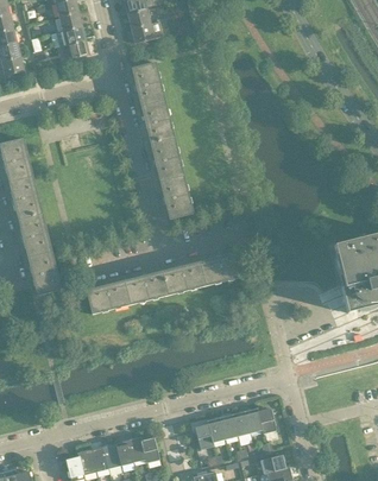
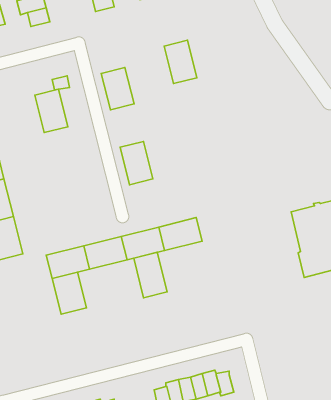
building: [131,62,164,106] -> [164,40,197,84]
building: [150,137,183,181] -> [35,89,68,133]
building: none -> [134,252,167,298]
building: none -> [52,272,86,314]

